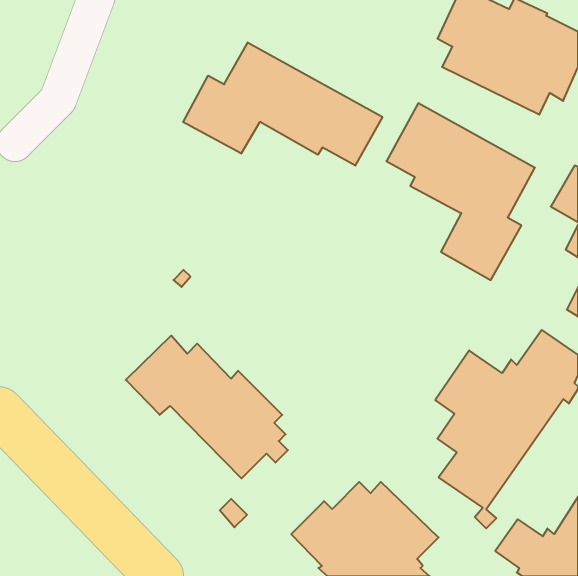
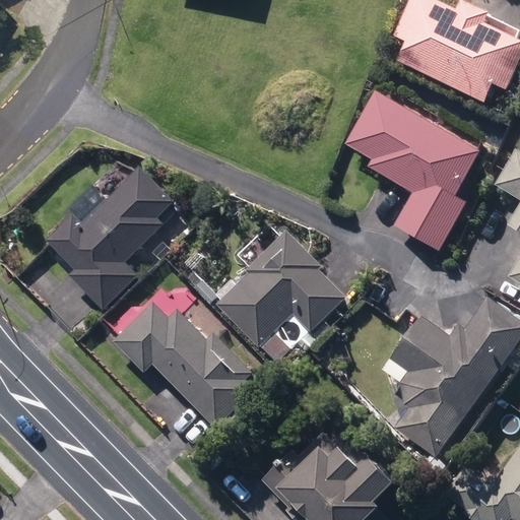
building: [183,42,382,166] -> none
building: none -> [45,166,175,310]
building: none -> [217,230,345,347]

